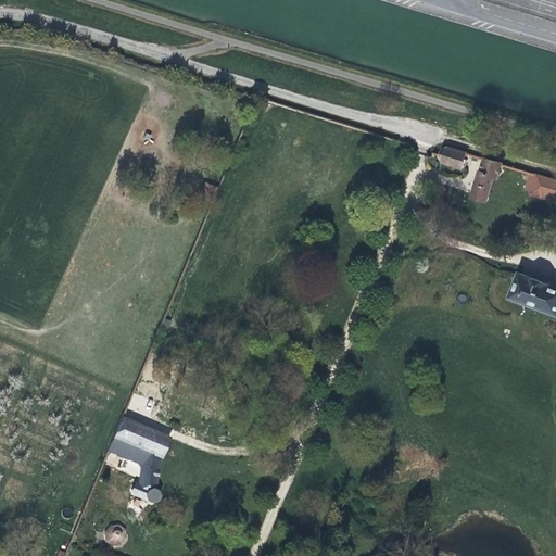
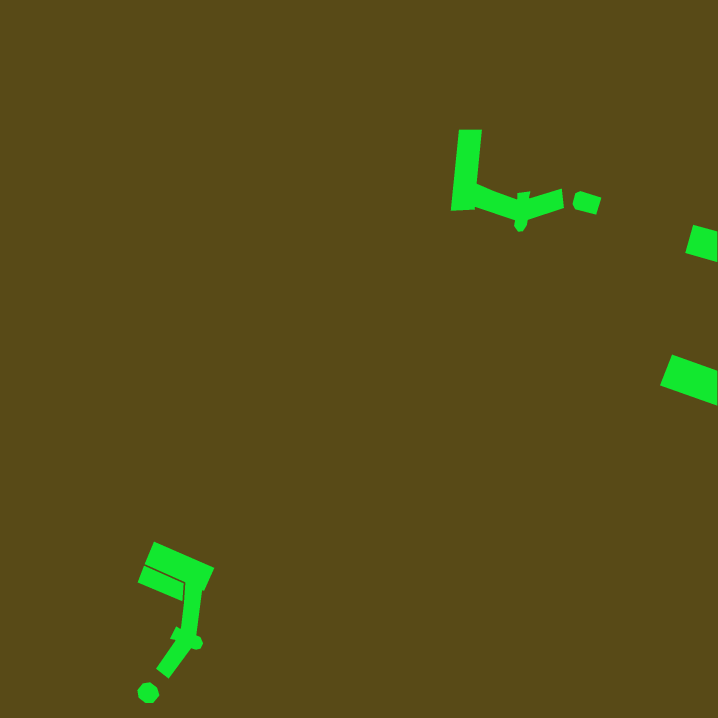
building: none -> [450,129,565,232]
building: [472,157,503,201] -> none

